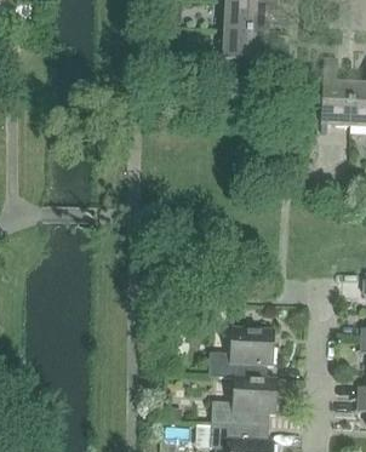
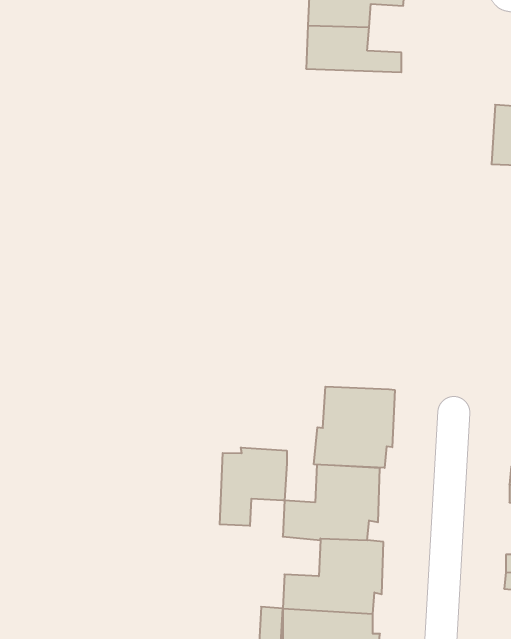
building: [320,57,351,122] -> none
building: none -> [314,387,395,468]
building: none -> [220,447,287,526]

